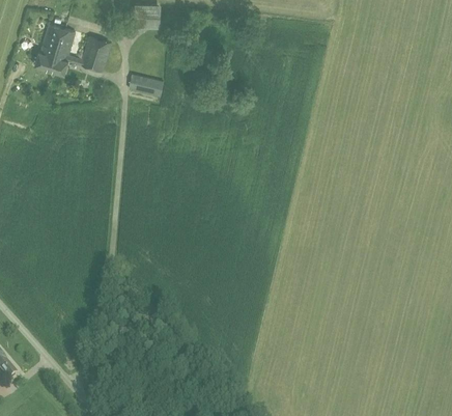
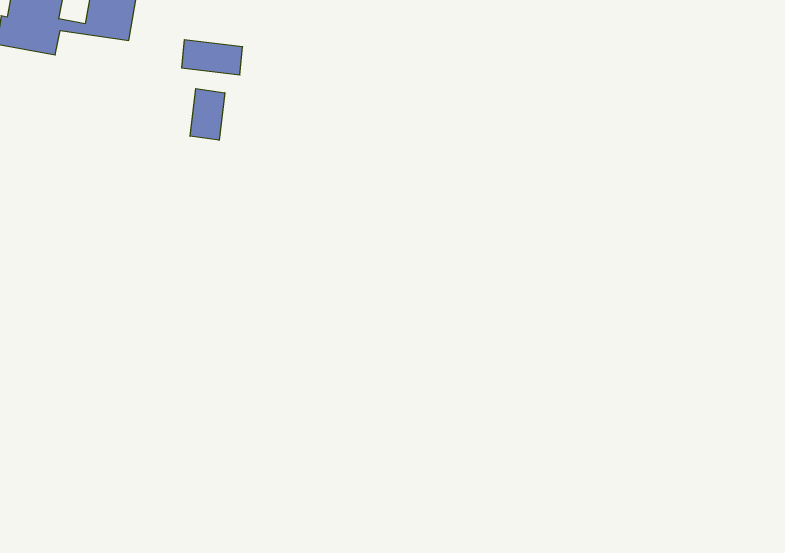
building: none -> [190,89,225,140]

